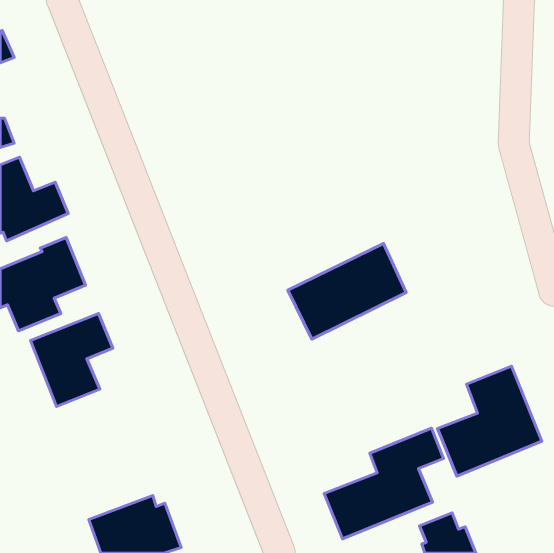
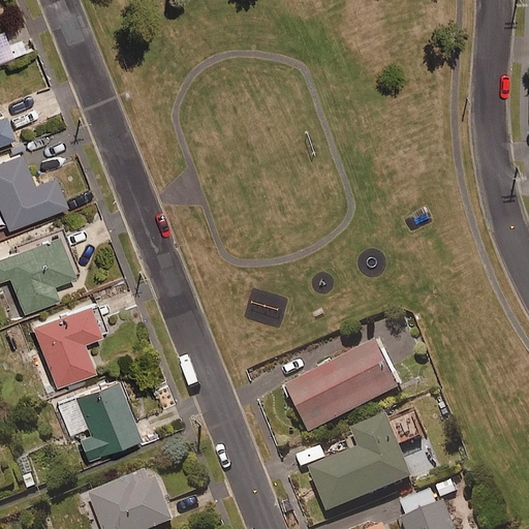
building: [288,244,406,339] -> [285,343,398,434]
building: [438,366,542,476] -> none
building: none -> [55,377,141,460]

